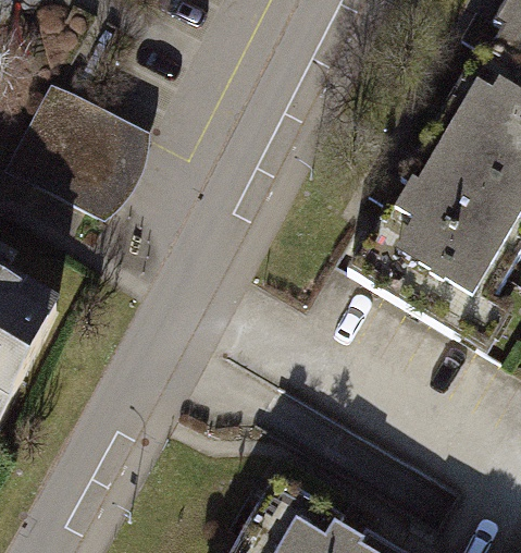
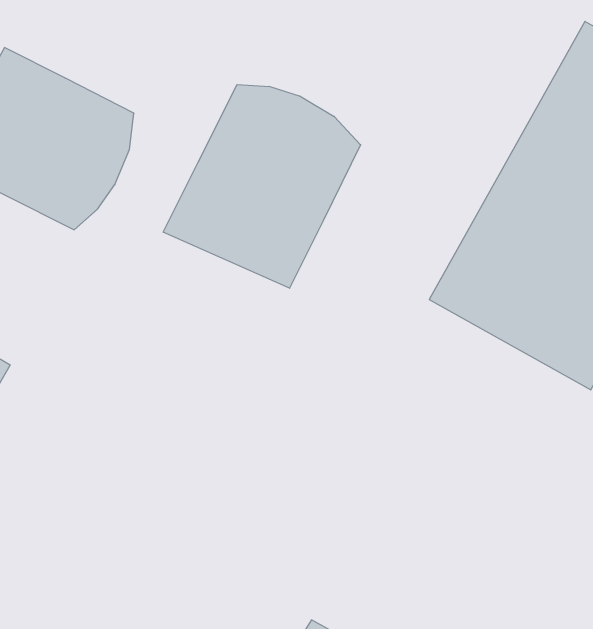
building: none -> [163,85,361,288]

